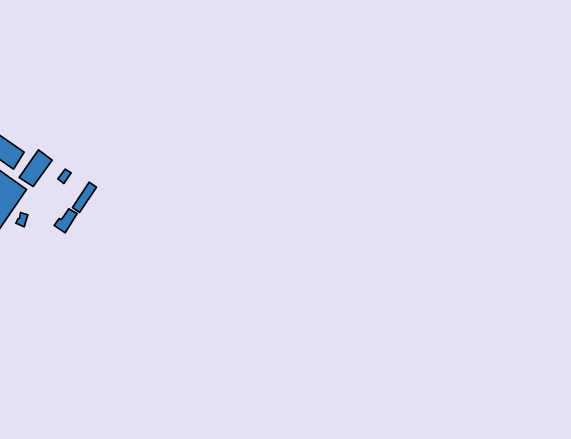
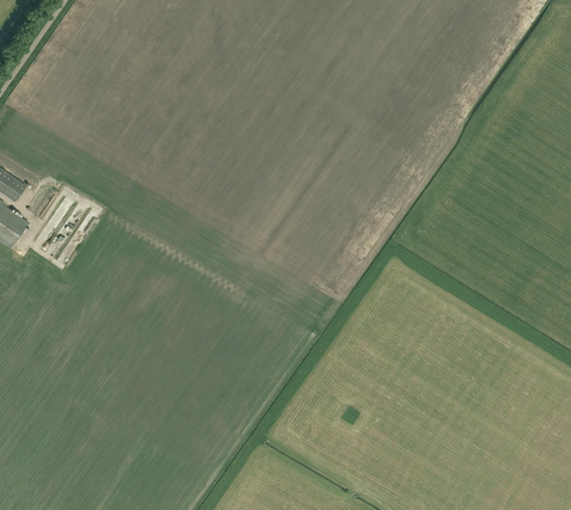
building: [19,150,52,187] -> none

